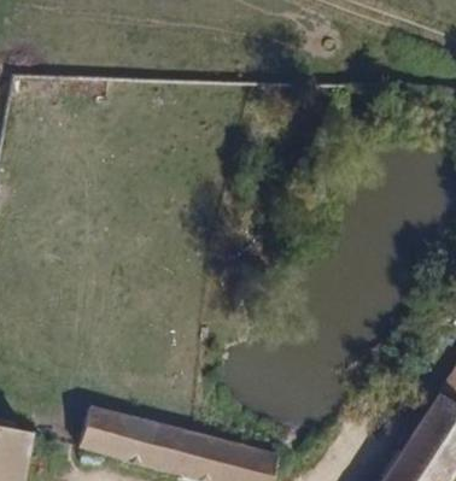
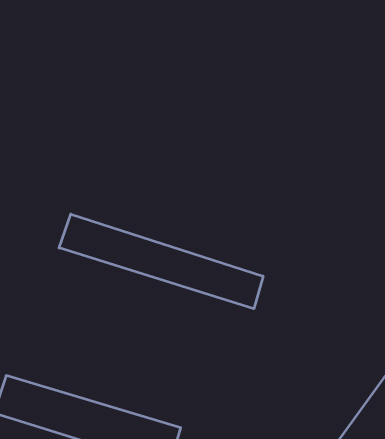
building: none -> [59,214,263,309]

